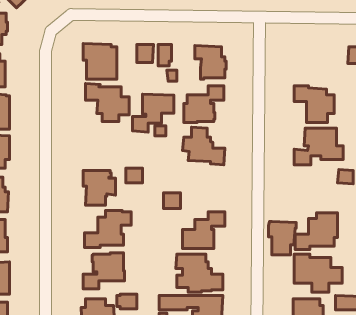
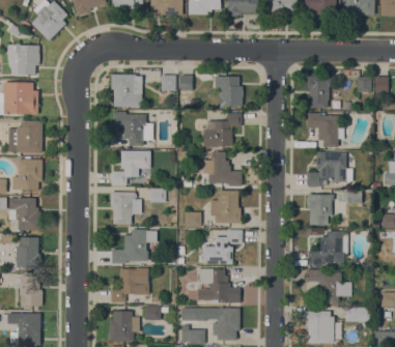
building: none -> [307,76,333,109]
building: [132,94,174,132] -> [112,150,150,185]
building: none -> [210,191,242,223]
building: [268,221,296,255] -> [307,194,333,225]

